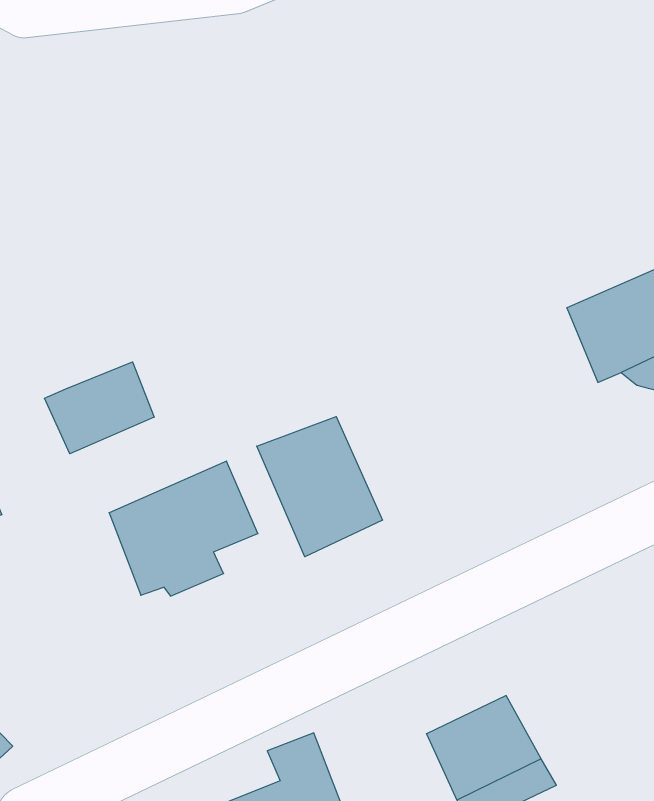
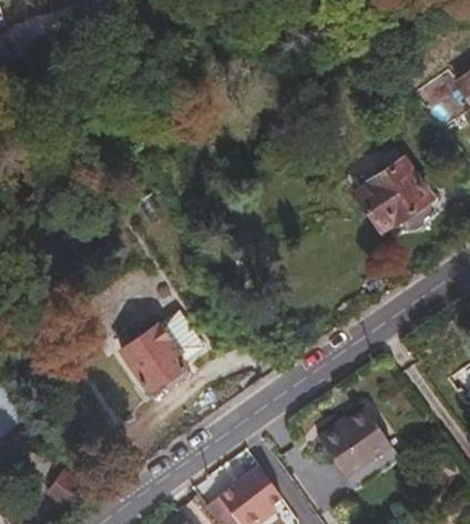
building: [44,362,154,454] -> none
building: [257,417,382,557] -> none

